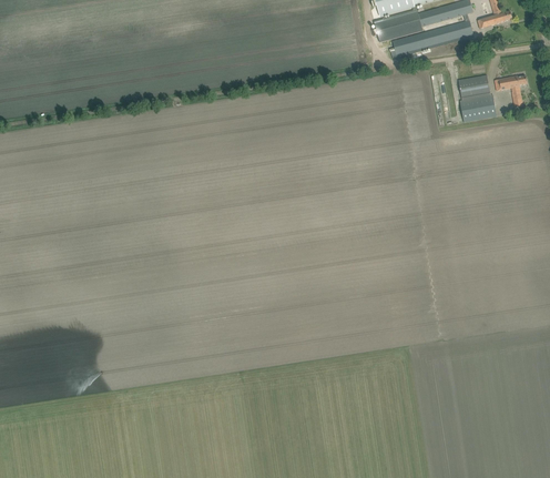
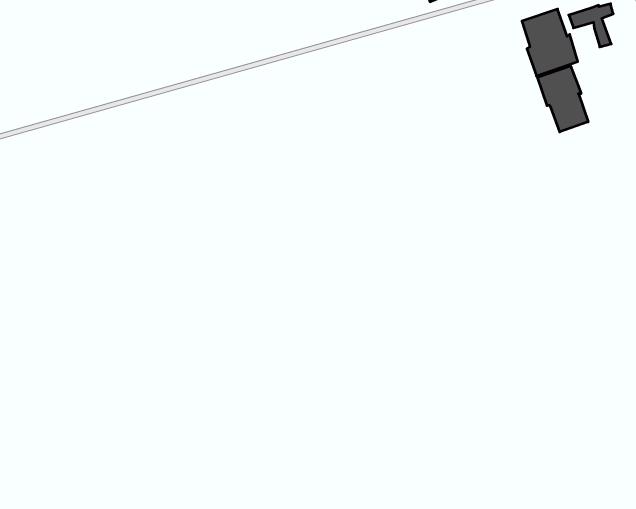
building: none -> [537,66,588,132]

